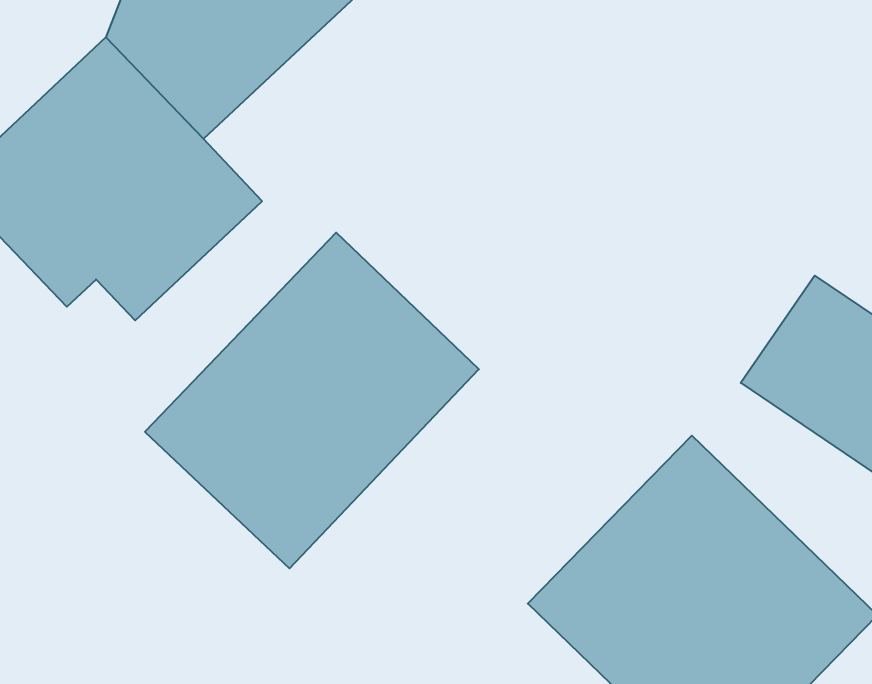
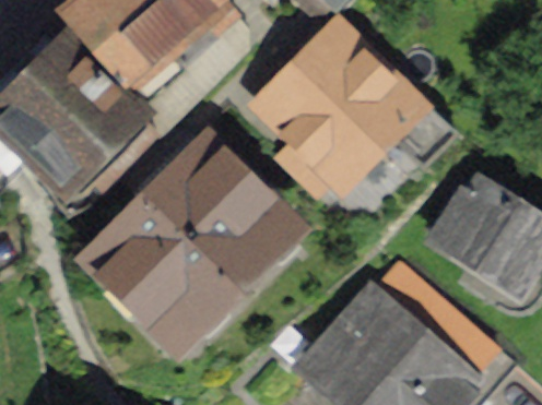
building: none -> [259,26,449,180]

